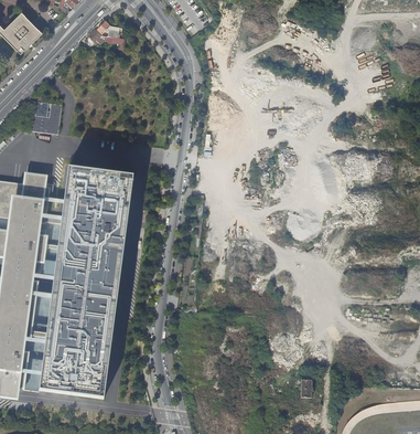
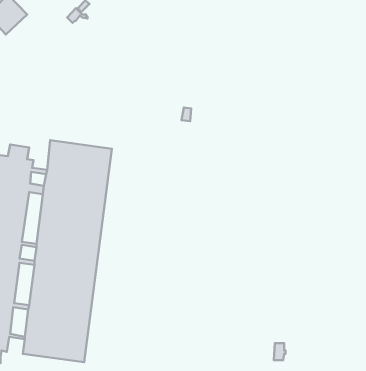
building: [29,100,61,134] -> none

